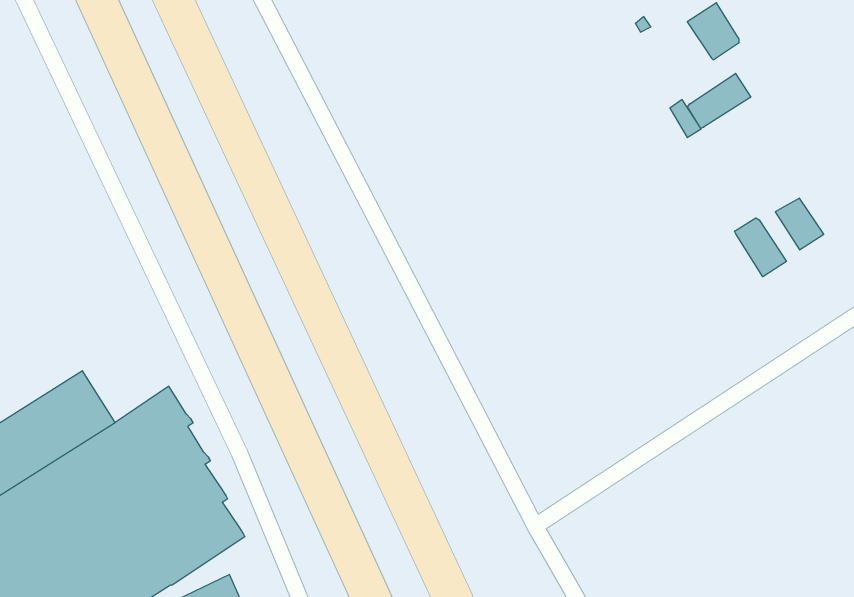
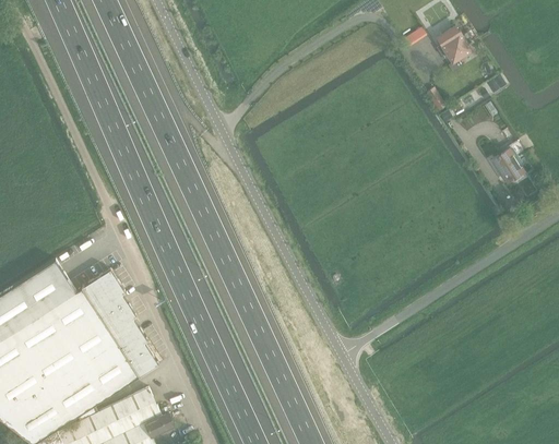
building: [687,73,751,129] -> none
building: [735,218,786,277] -> none

